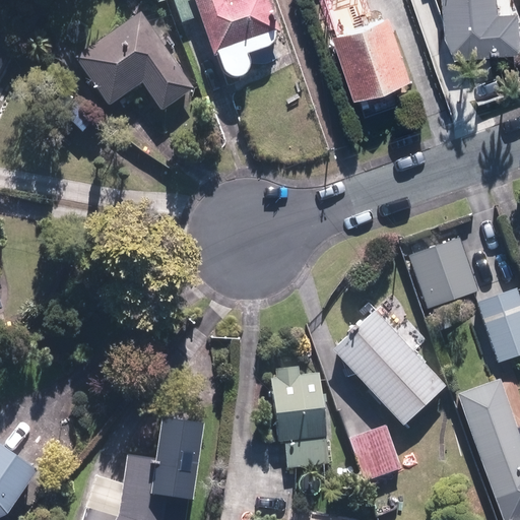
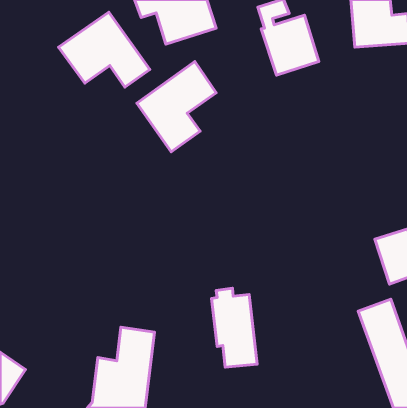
building: none -> [137,62,216,152]
building: [414,239,479,306] -> none
building: [332,312,443,422] -> none
building: [350,425,399,477] -> none

